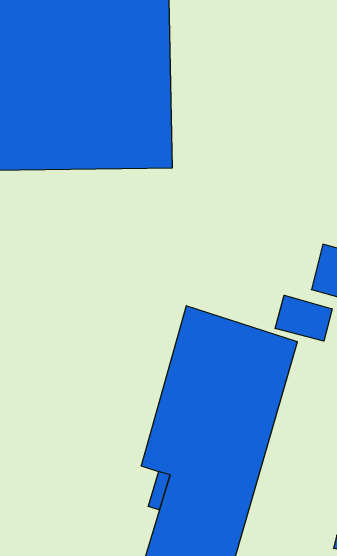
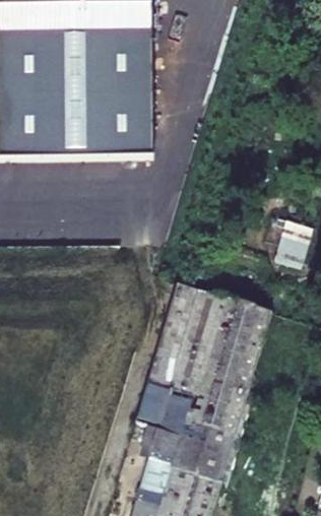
building: [275,295,332,341] -> none

